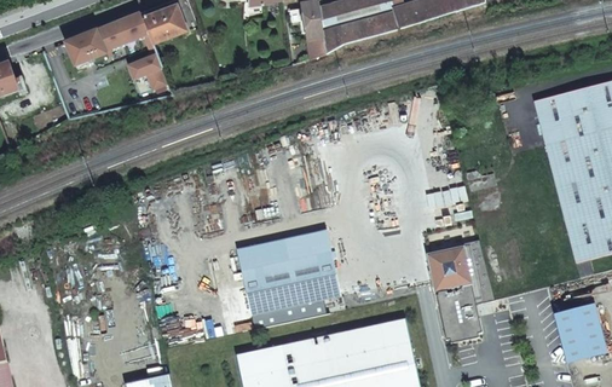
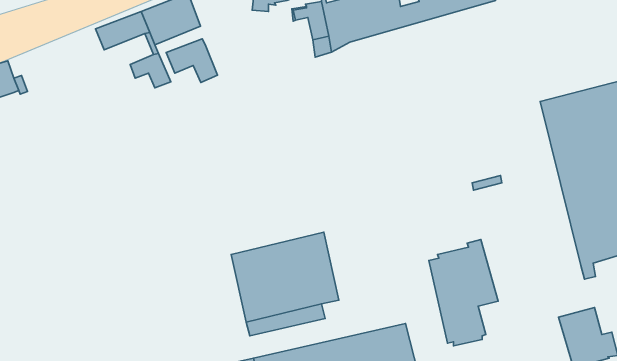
building: [65,29,106,68] -> none
building: none -> [166,39,217,83]

